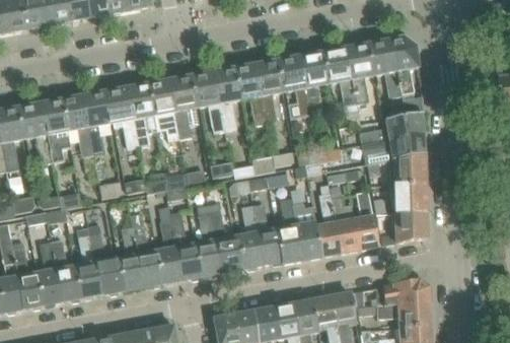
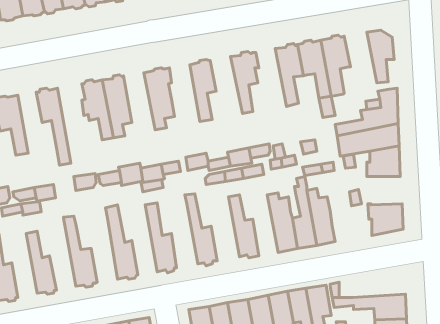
building: [369,40,402,97] -> none
building: [280,56,311,116] -> none
building: [235,64,268,123] -> none
building: [194,72,225,131] -> none
building: [149,80,180,140] -> none
building: [83,90,112,153] -> none
building: [44,98,71,160] -> none
building: [391,184,427,212] -> none
building: [355,191,378,249] -> none
building: [278,197,303,263] -> none
building: [197,202,223,277] -> none
building: [236,204,265,269] -> none
building: [157,206,183,284] -> none
building: [75,225,101,299] -> none
building: [117,225,143,291] -> none
building: [38,241,63,306] -> none
building: [376,279,430,304] -> none

